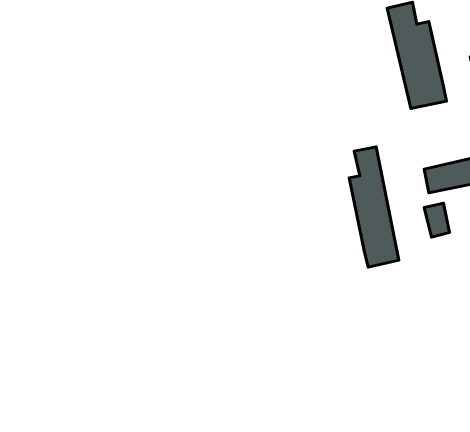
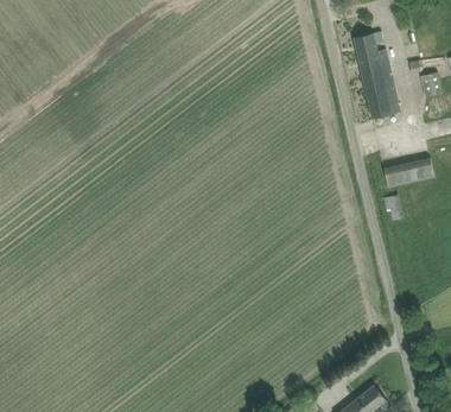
building: [349,147,399,267] -> none

